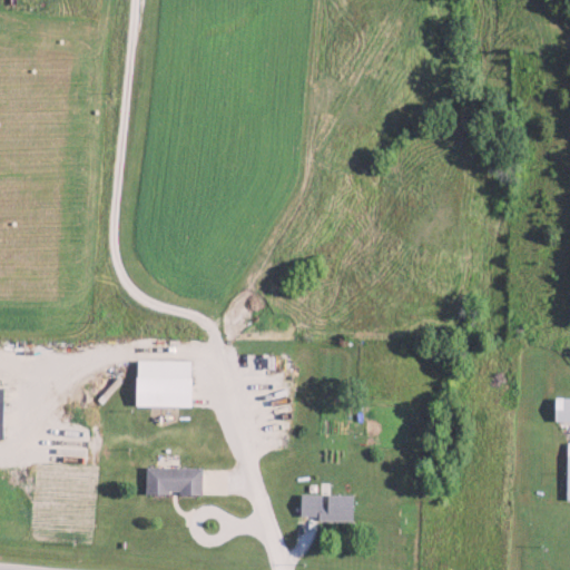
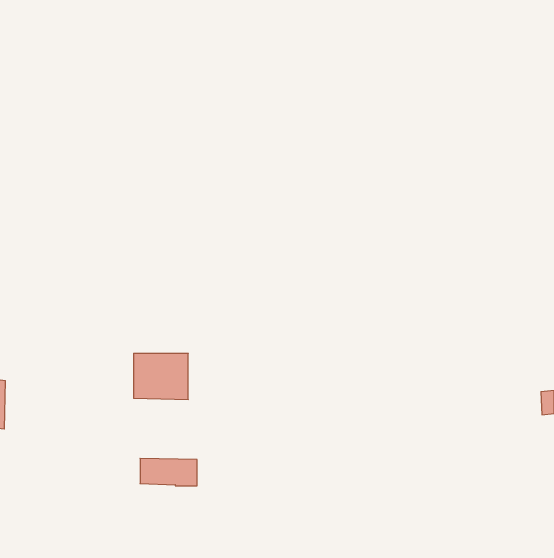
building: [298,494,353,522] -> none

